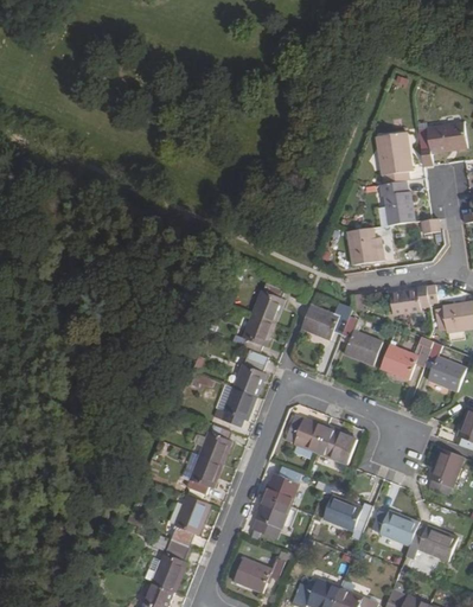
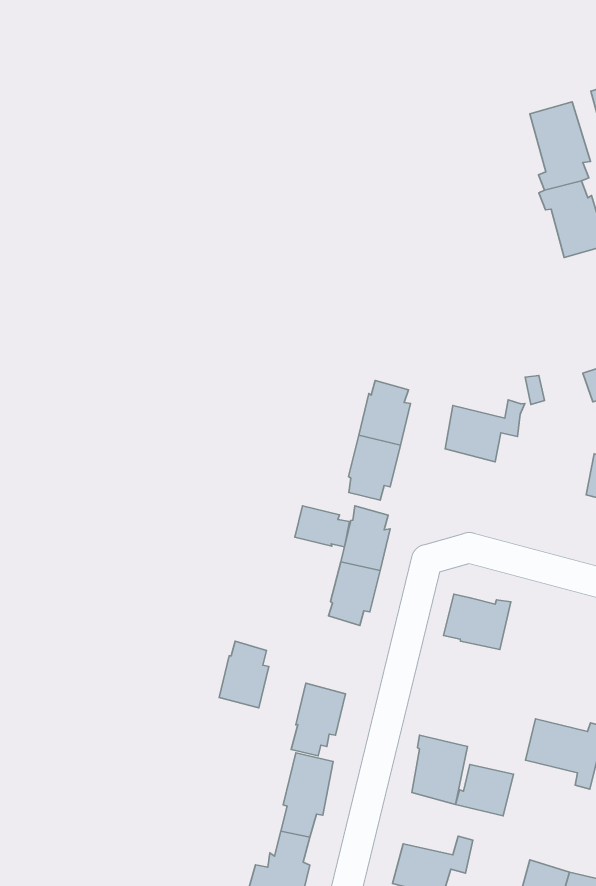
building: [346,228,383,266] -> none
building: [343,314,383,365] -> none
building: none -> [295,506,350,547]
building: [199,423,231,465] -> [219,641,269,708]
building: [317,424,357,465] -> none
building: [262,473,299,506] -> [456,764,513,816]

